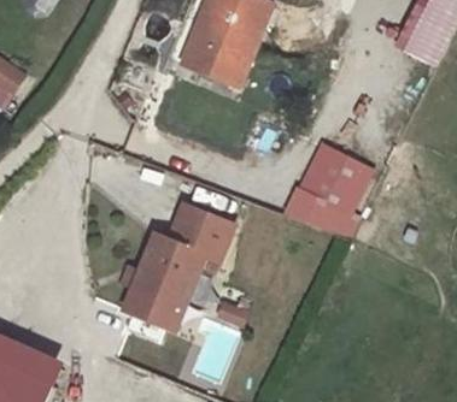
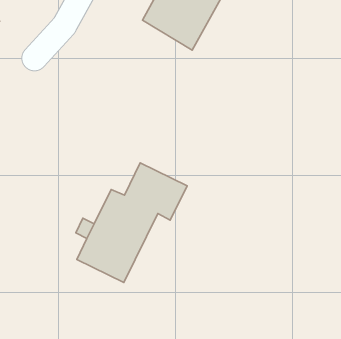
building: [285,142,374,241] -> none

